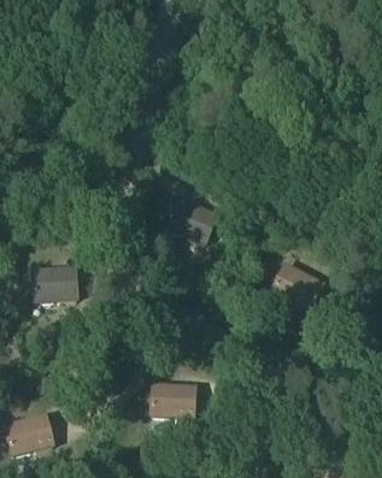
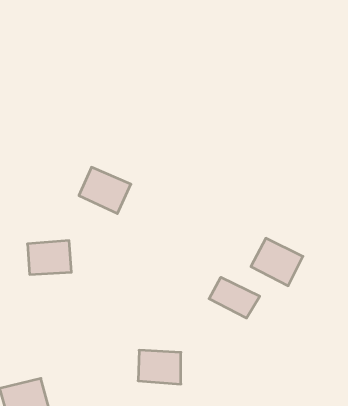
building: [164,196,219,246] -> [79,167,131,214]
building: none -> [209,277,260,318]

